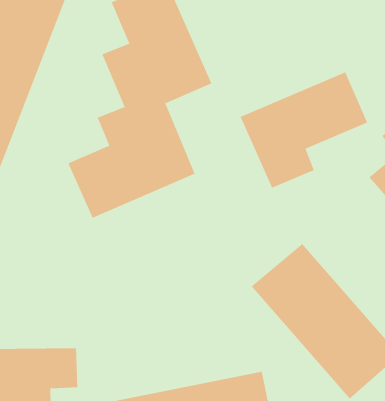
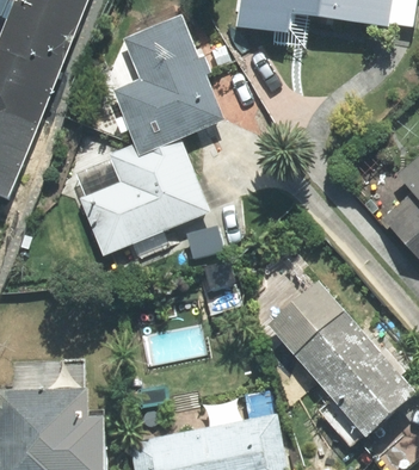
building: [240,72,368,189] -> none

